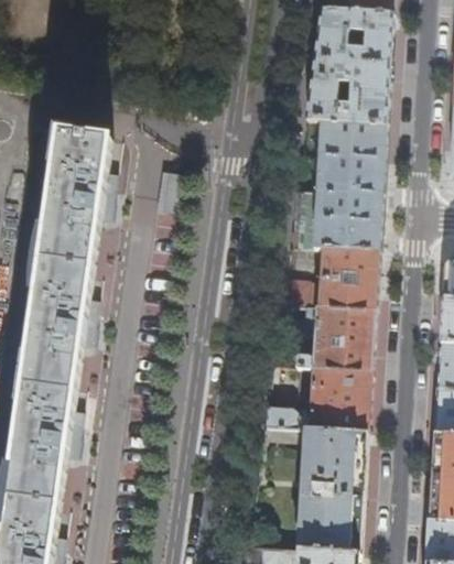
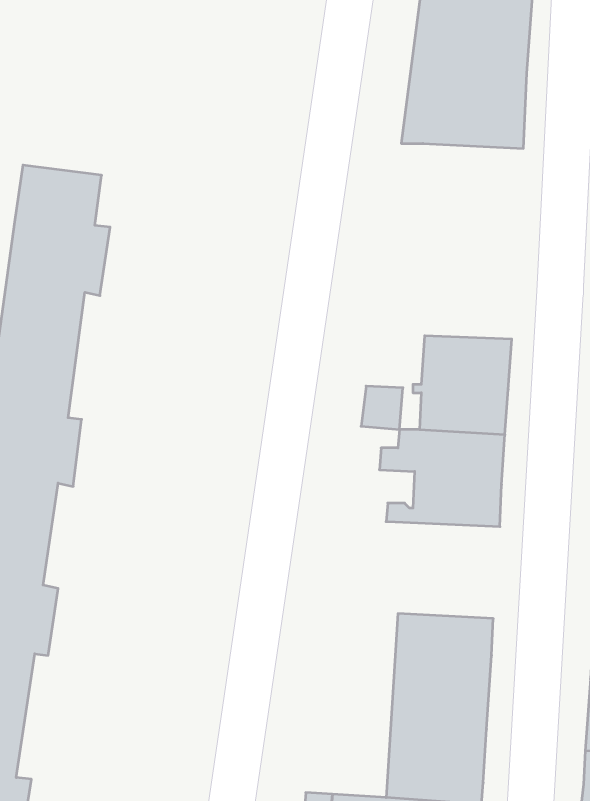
building: [311,118,387,247] -> none
building: [263,367,371,431] -> none

